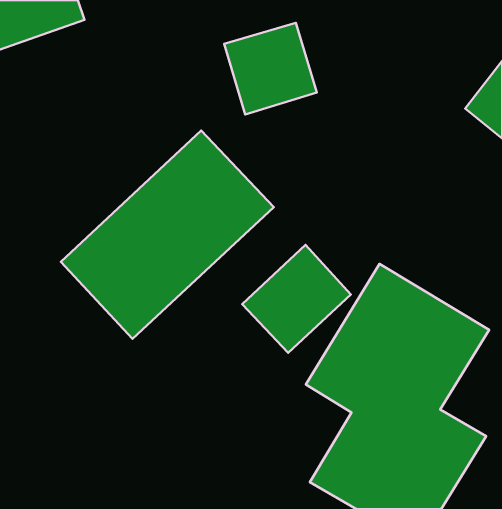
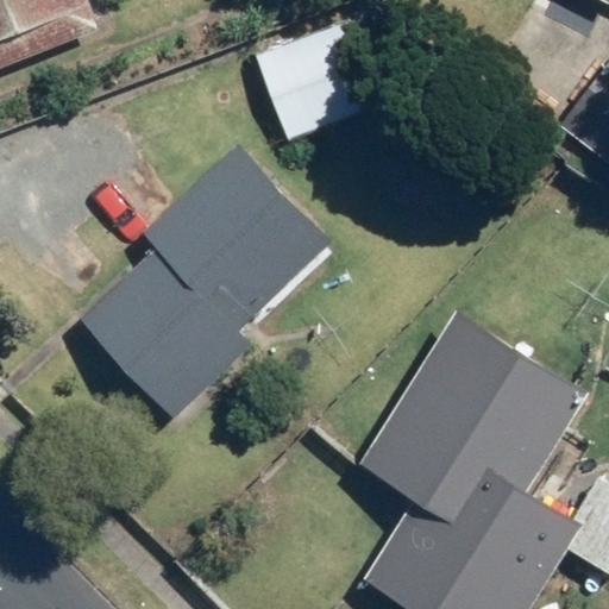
building: [242,245,351,353] -> none

